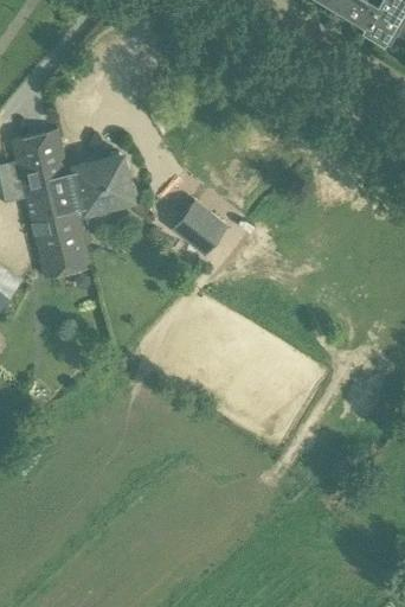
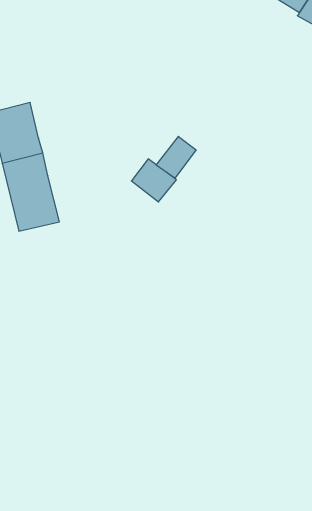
building: [66,155,133,213] -> none
building: none -> [156,136,196,178]

